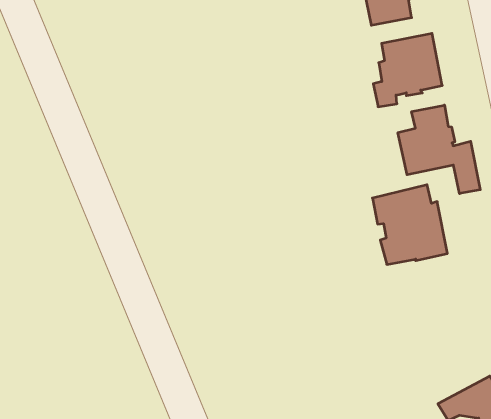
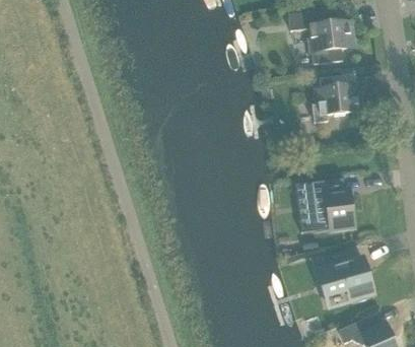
building: [398,105,480,194] -> none
building: none -> [320,249,373,299]

